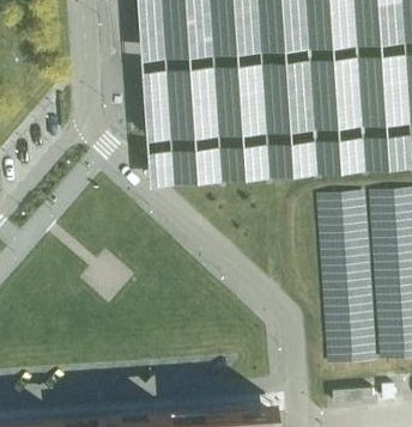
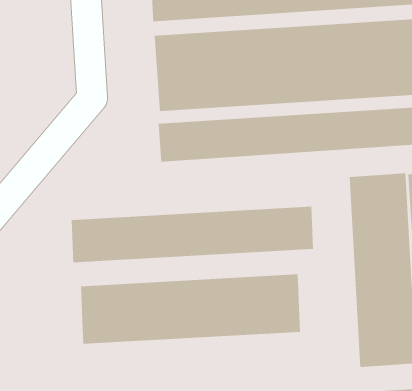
building: none -> [71,206,313,263]
building: none -> [81,274,300,345]

